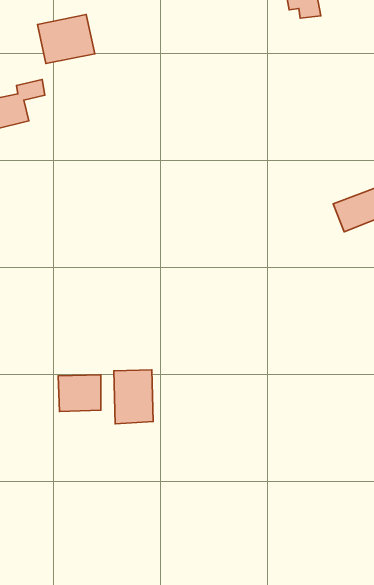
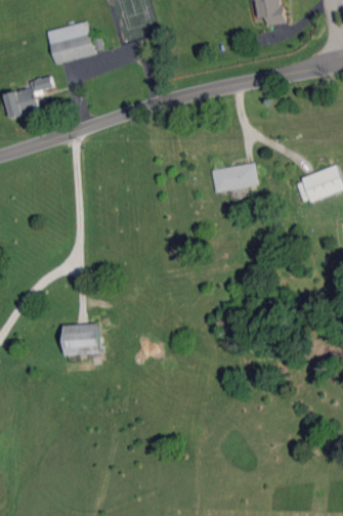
building: none -> [211,162,257,192]
building: [114,370,153,424] -> none

